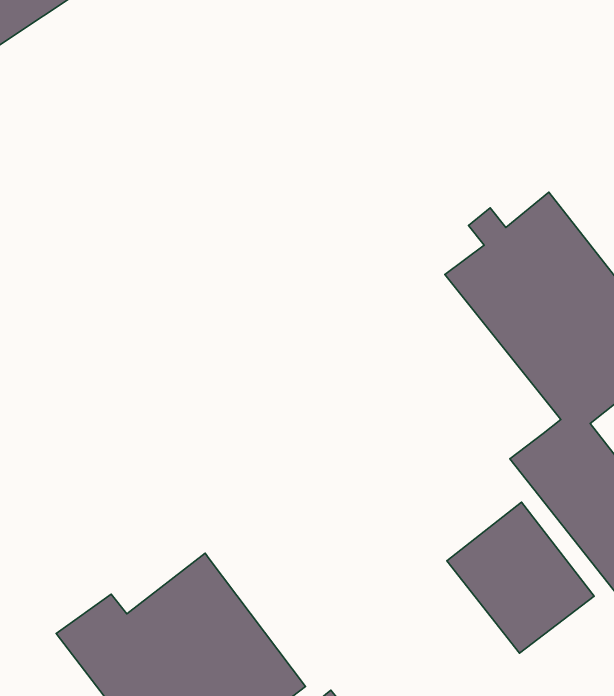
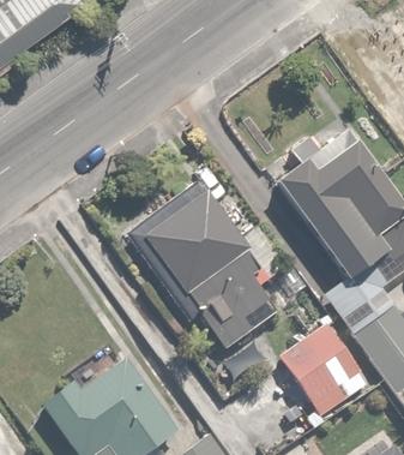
building: none -> [128,181,285,349]

